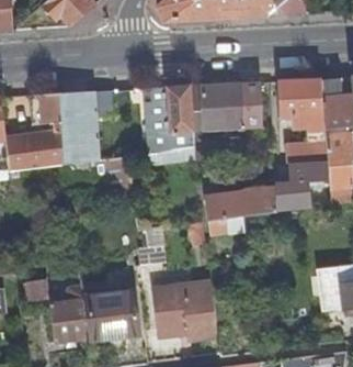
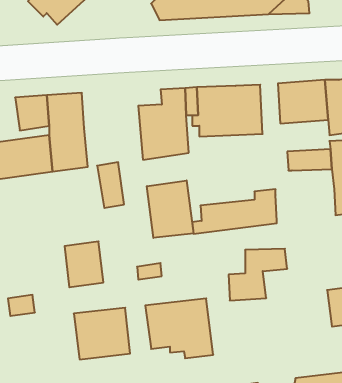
building: [274,162,329,210] -> [229,249,287,300]
building: none -> [147,180,193,238]
building: [50,299,87,342] -> [65,241,103,287]

